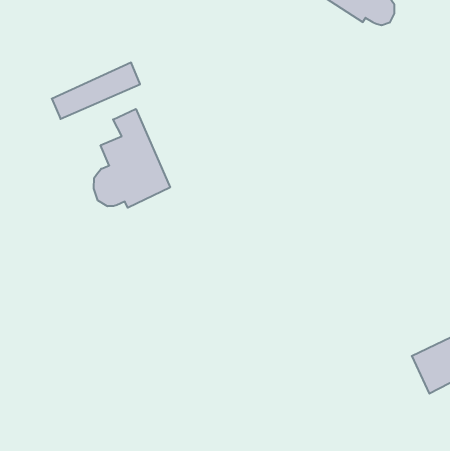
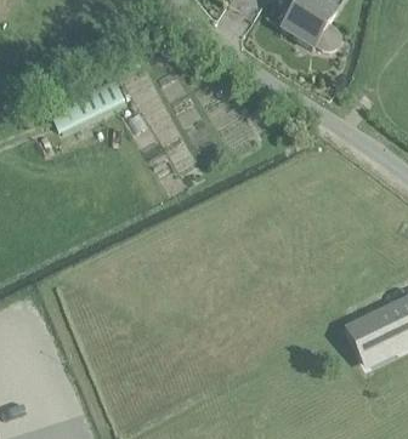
building: [94,109,170,208] -> none

